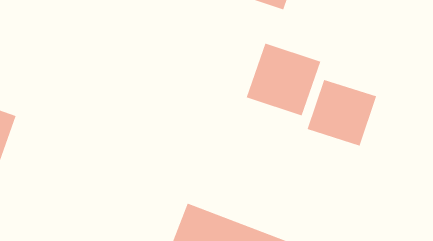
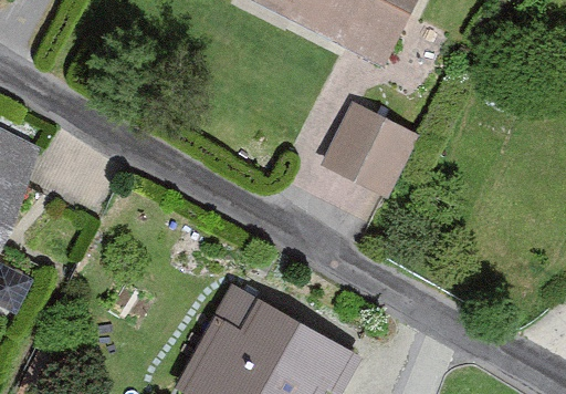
building: [307,79,377,146] -> none

